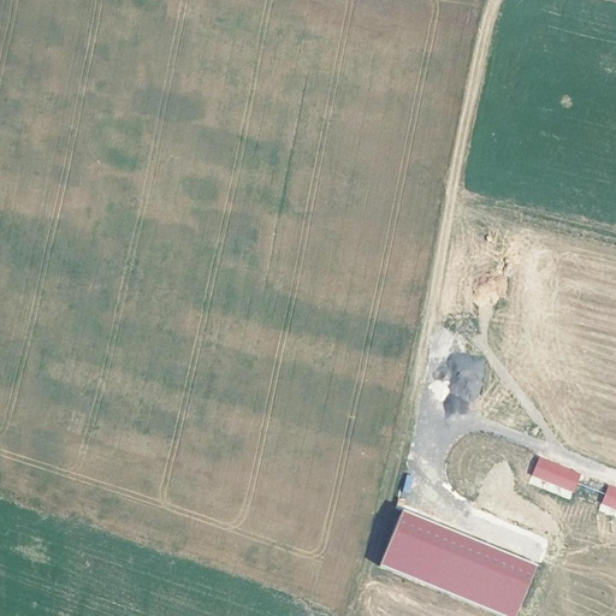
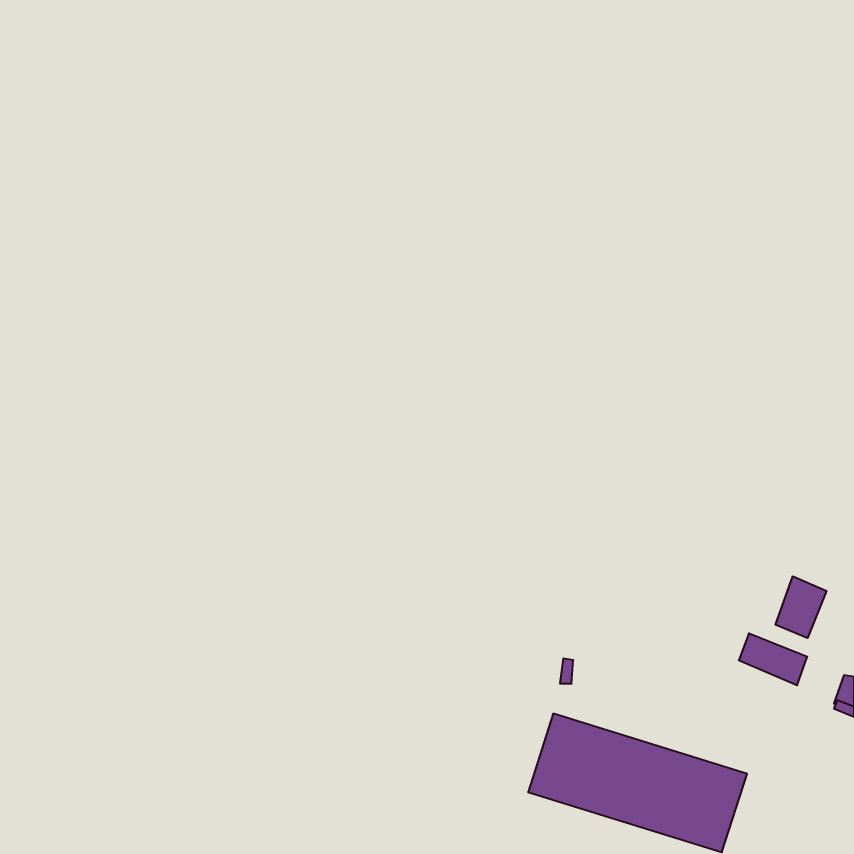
building: none -> [776,576,826,638]

